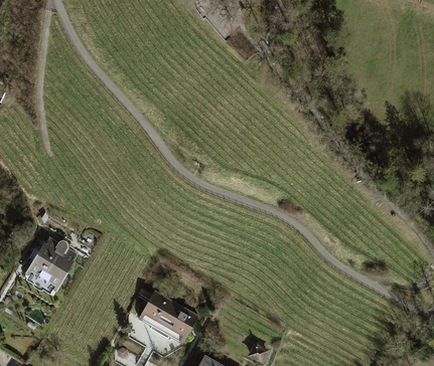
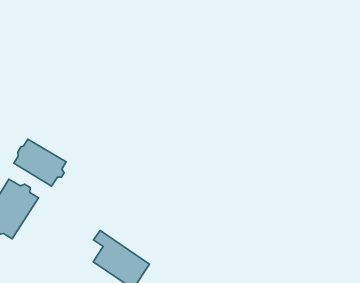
building: none -> [14,139,66,186]

